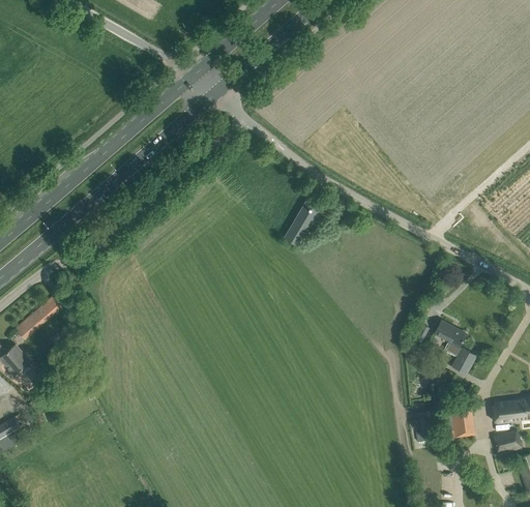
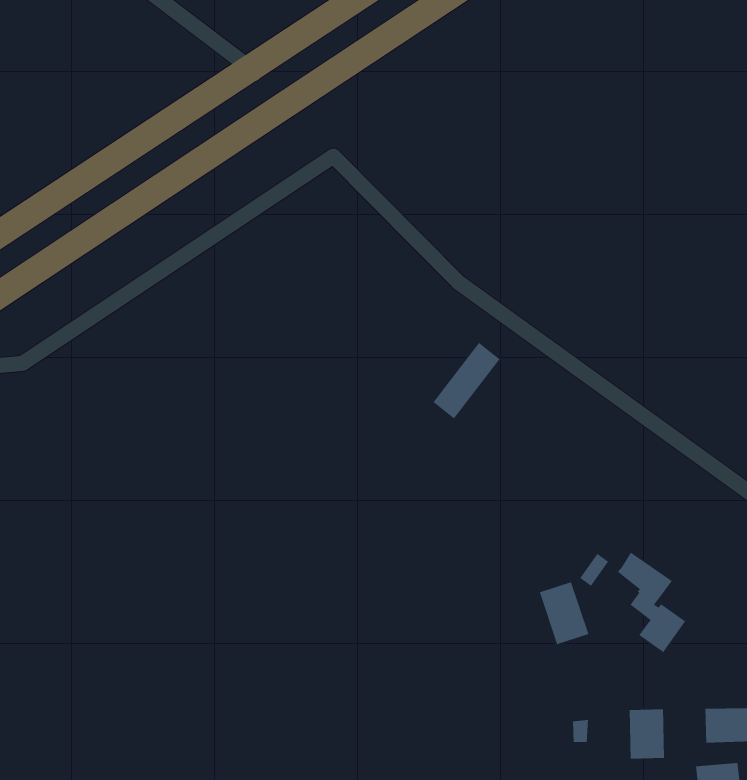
building: [285,201,320,246] -> [432,342,501,420]
building: none -> [539,581,590,645]

